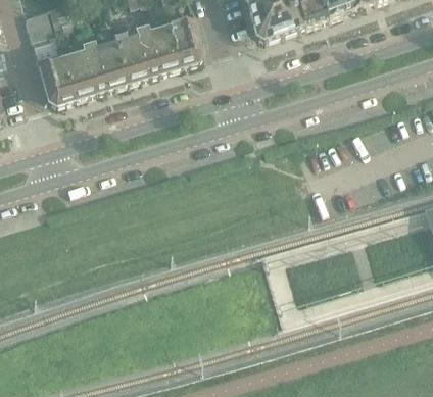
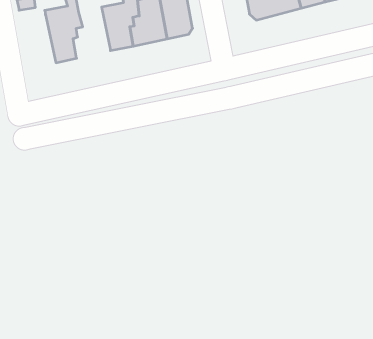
building: [89,36,126,87] -> none
building: [38,48,75,98] -> none

